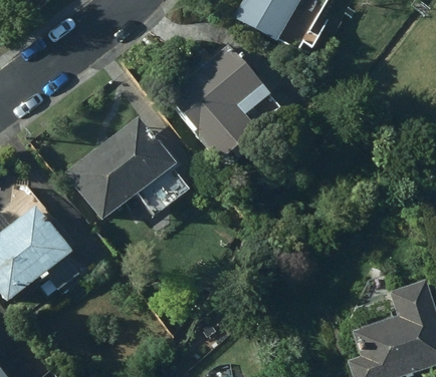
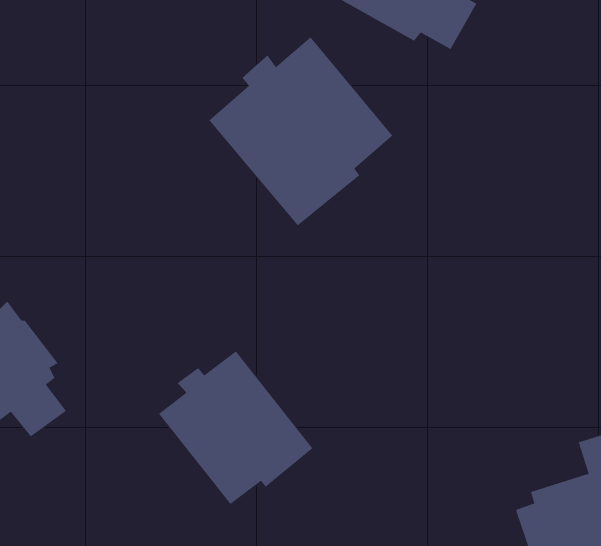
building: [62,113,188,221] -> none
building: none -> [158,350,313,505]

